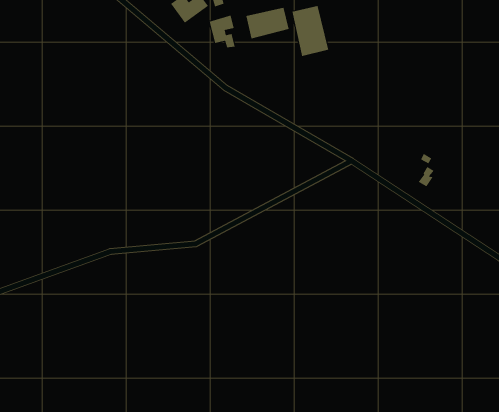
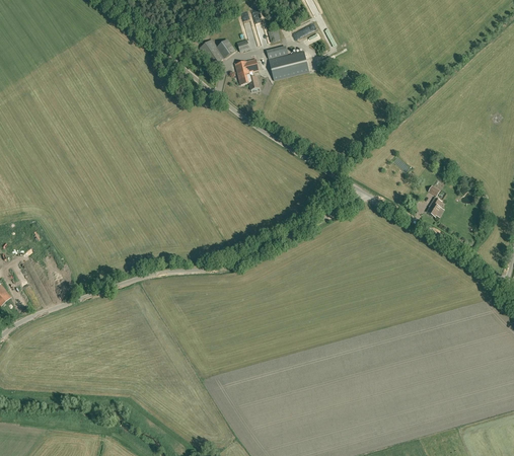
building: [292,5,329,57] -> none

